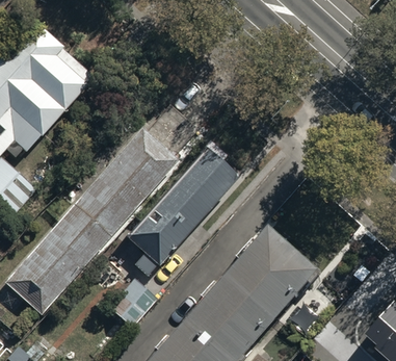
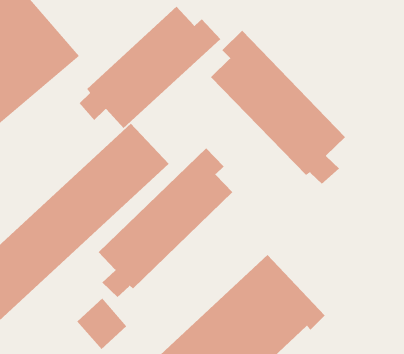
building: none -> [79,6,221,129]
building: none -> [210,30,346,185]

